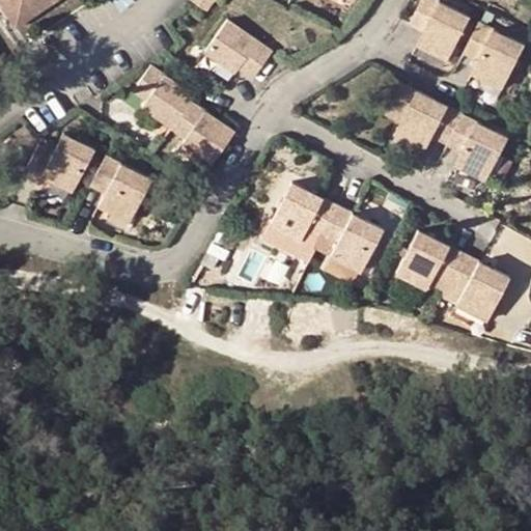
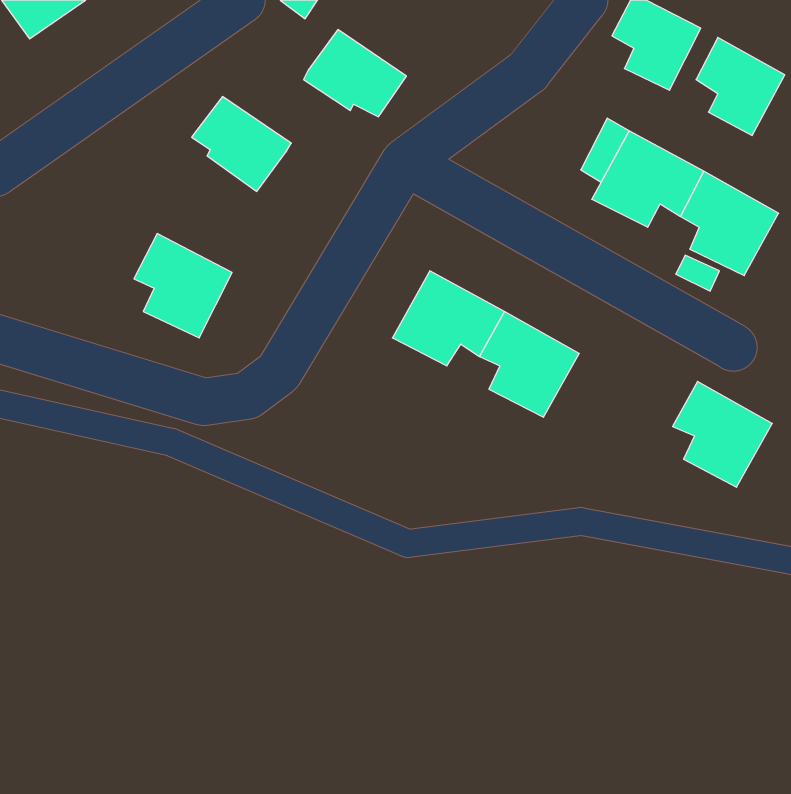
building: [171,102,233,165] -> none
building: [21,136,105,194] -> none
building: [391,229,465,292] -> none

